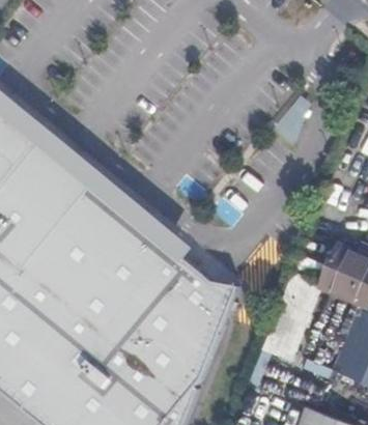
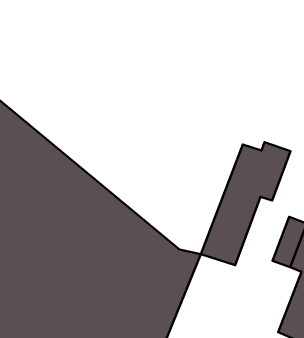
building: none -> [201,142,291,265]

